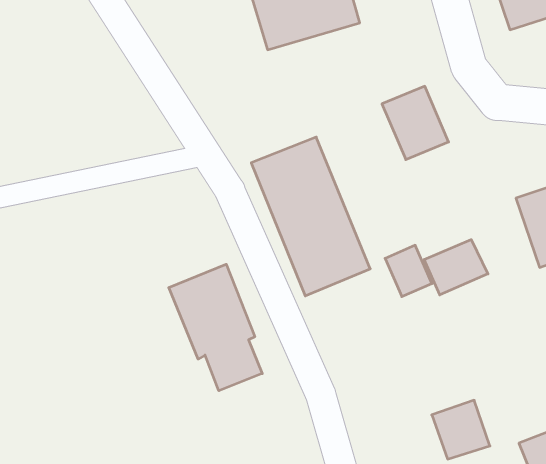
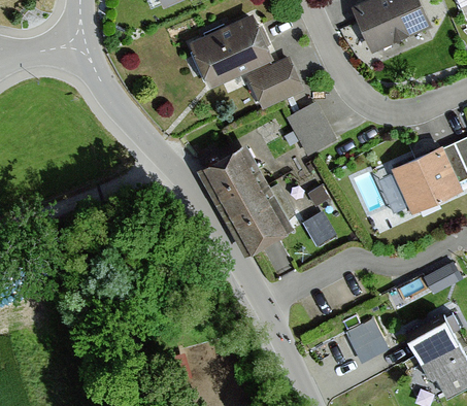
building: none -> [247,63,298,108]
building: [424,240,488,295] -> none
building: [169,264,262,391] -> none

